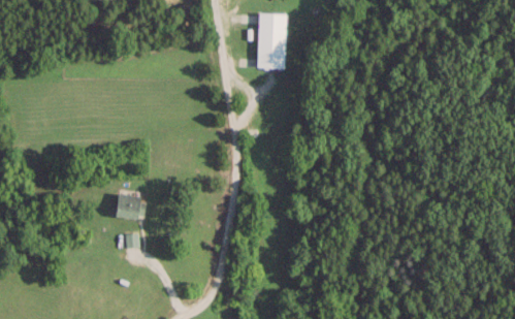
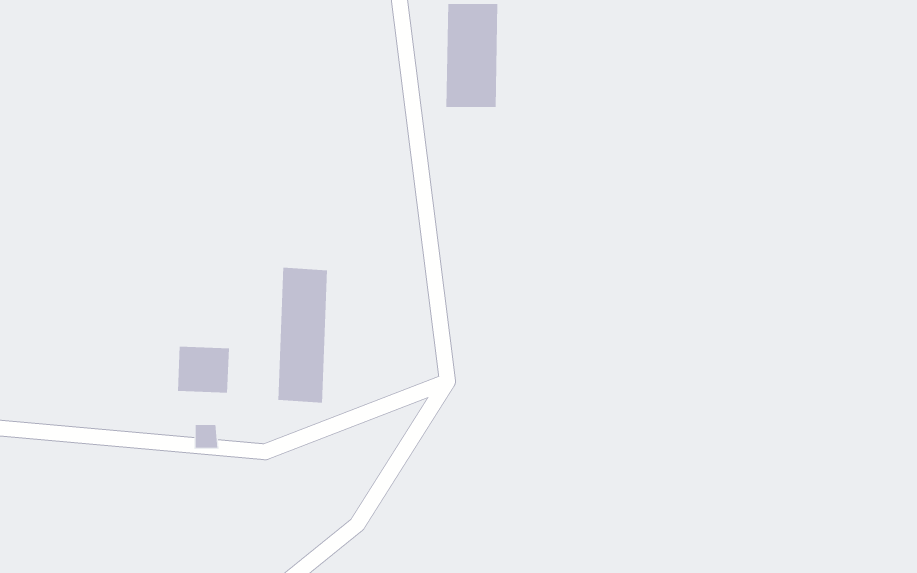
building: none -> [278,267,328,403]

